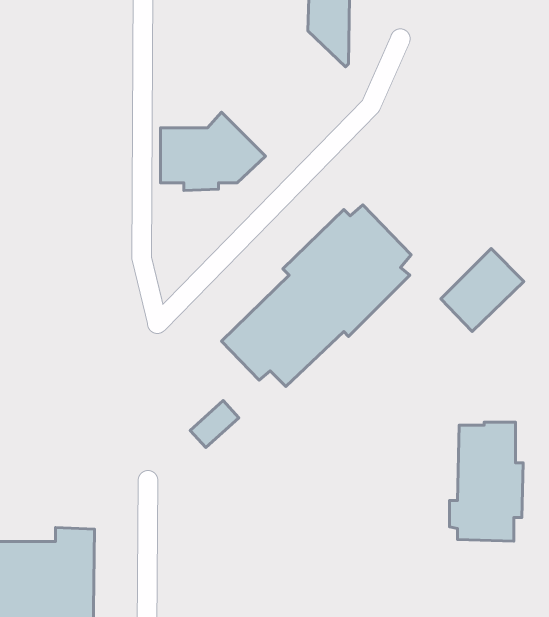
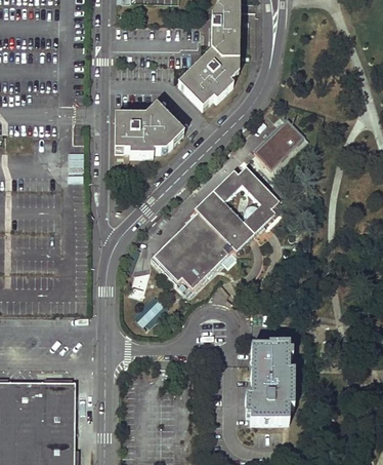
building: none -> [177,51,235,108]
building: [441,249,524,332] -> [254,116,308,170]
building: [450,422,523,541] -> [245,344,293,422]

